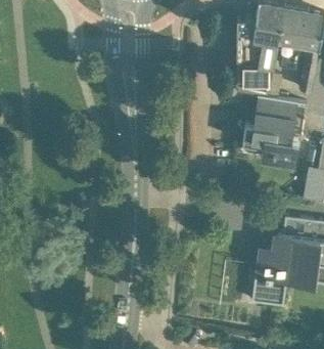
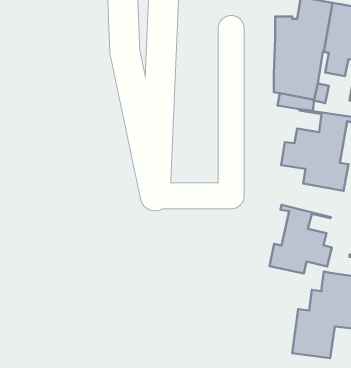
building: none -> [269,205,332,273]

